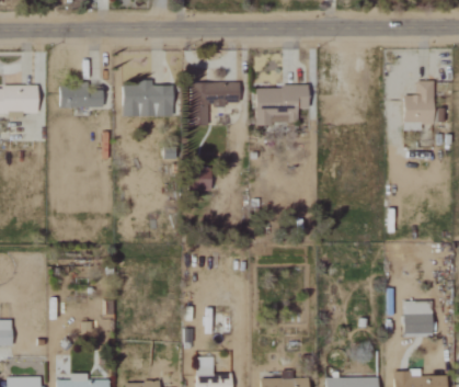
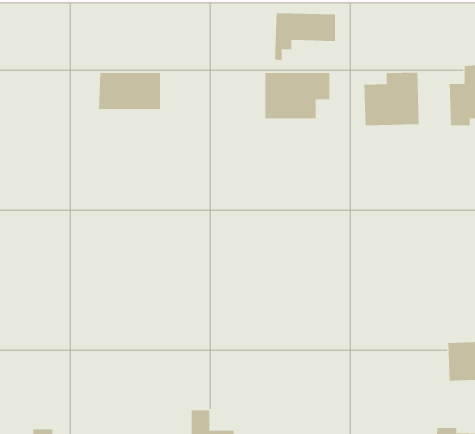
building: [191,82,240,121] -> [274,13,336,61]
building: none -> [364,72,419,126]
building: [60,88,104,107] -> none

